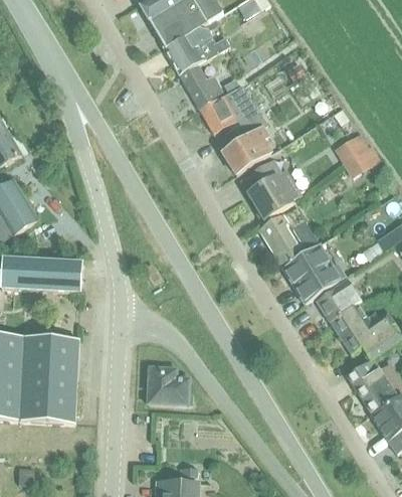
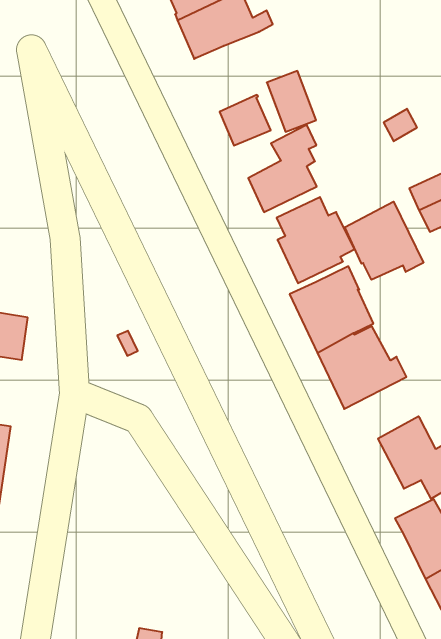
building: [178,62,222,108] -> none
building: none -> [345,202,423,280]
building: [315,279,360,320] -> none
building: [146,365,192,404] -> none

